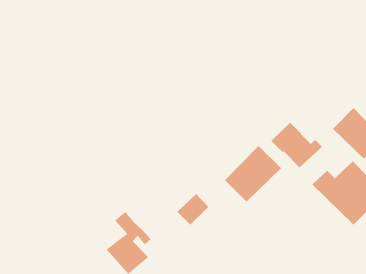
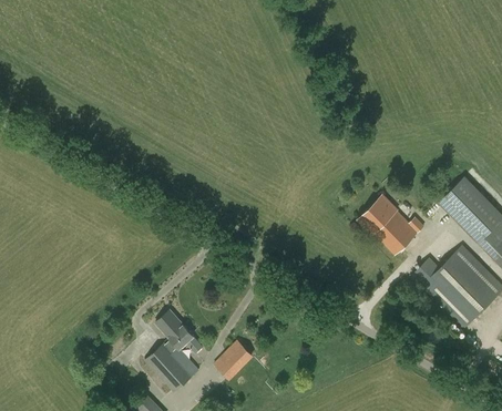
building: [224,145,282,203] -> none
building: [177,193,209,226] -> [215,338,257,380]

